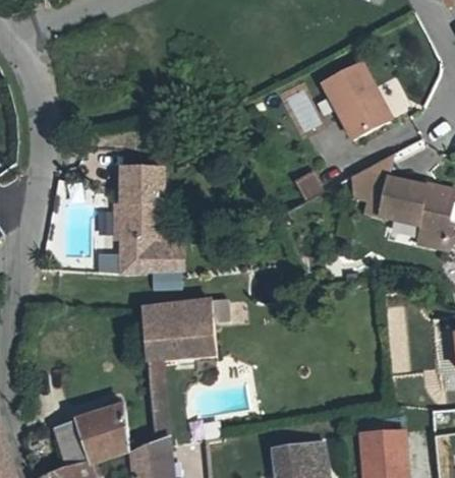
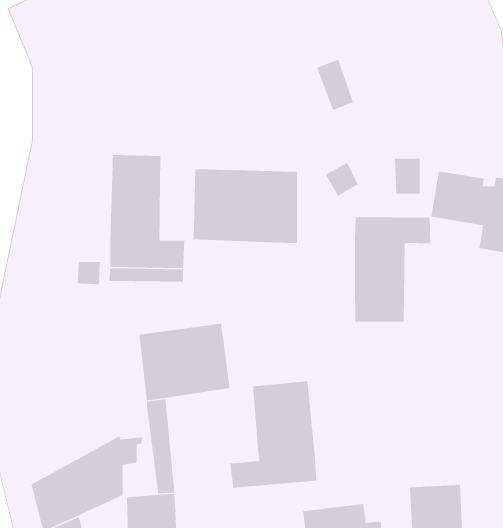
building: [320,62,387,138] -> none
building: none -> [193,168,298,244]
building: none -> [354,217,431,323]
building: none -> [229,380,317,488]

